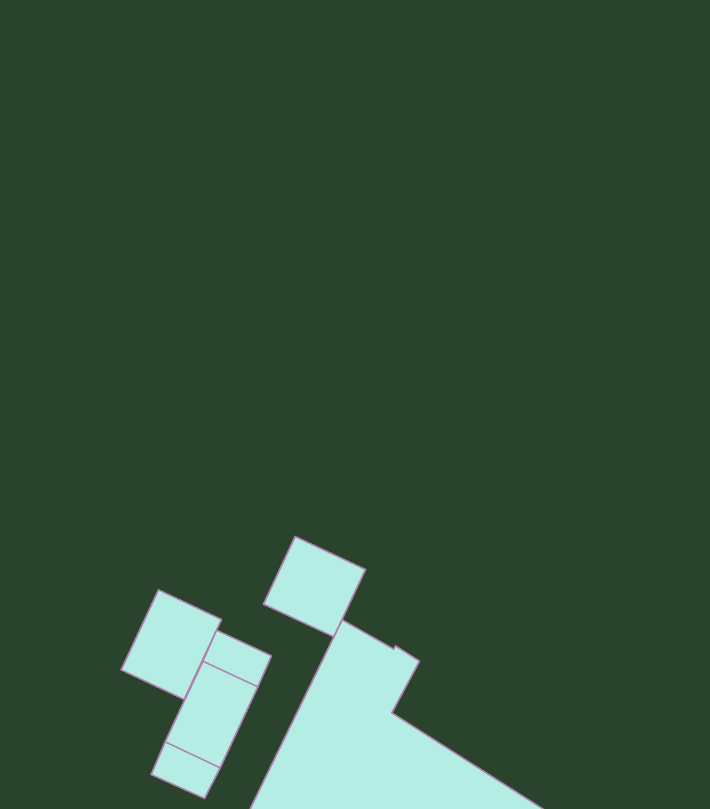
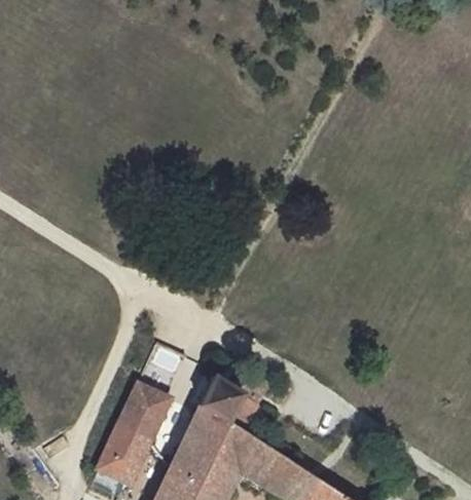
building: [263,537,365,637] -> none
building: [121,590,222,699] -> none

